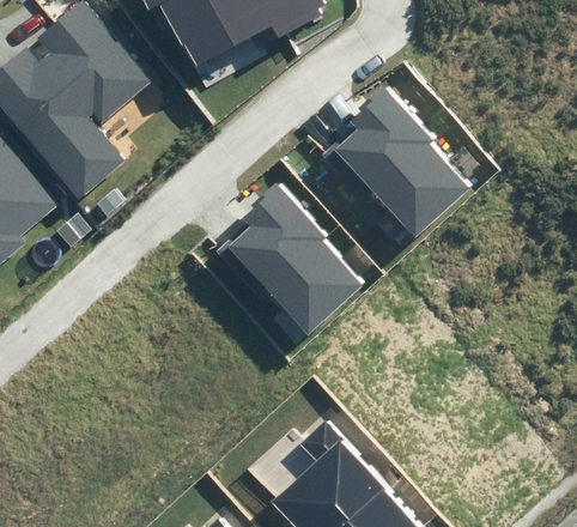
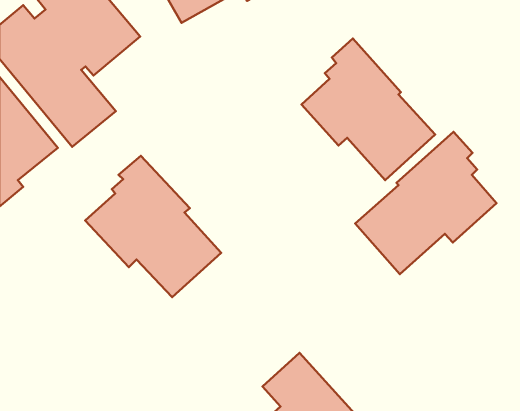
building: [215,182,362,334] -> [85,156,221,297]
building: none -> [355,132,496,274]

